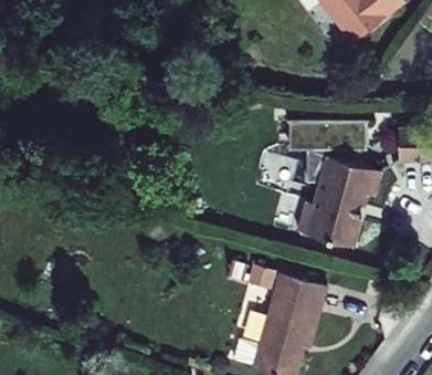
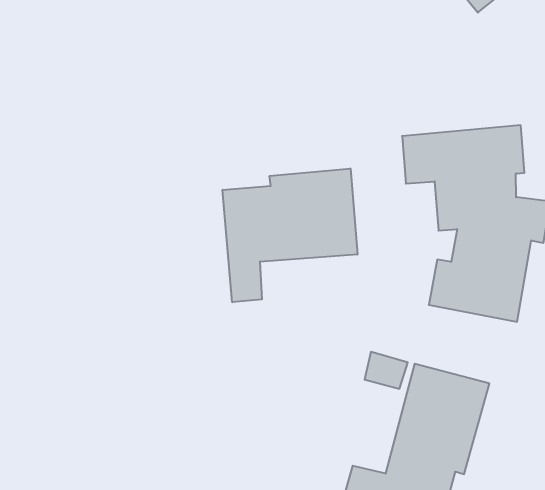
building: none -> [223,168,357,302]

